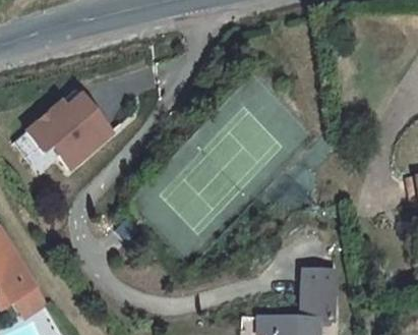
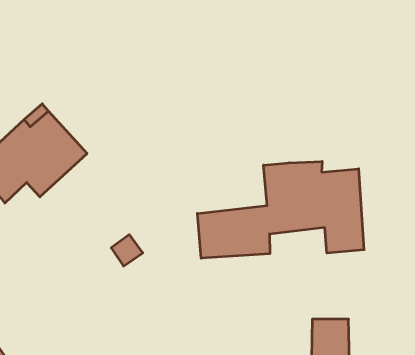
building: none -> [197,161,364,258]

